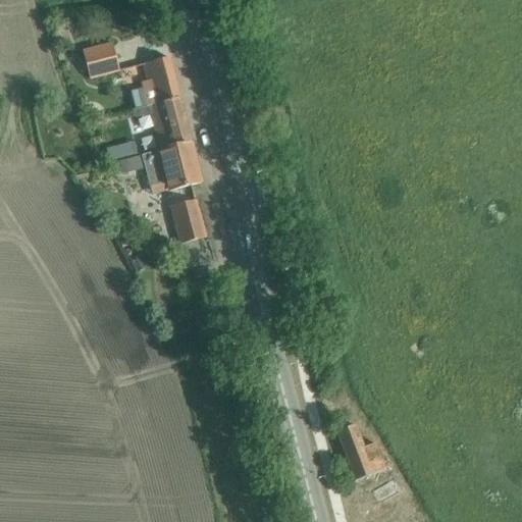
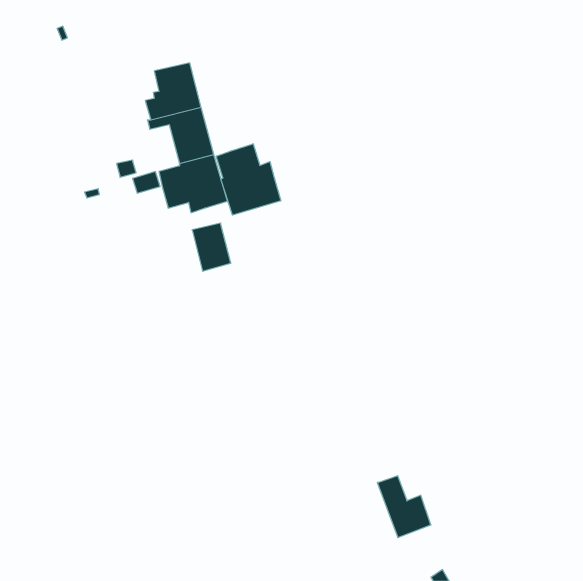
building: [83,42,119,77] -> none
building: none -> [216,144,281,215]

